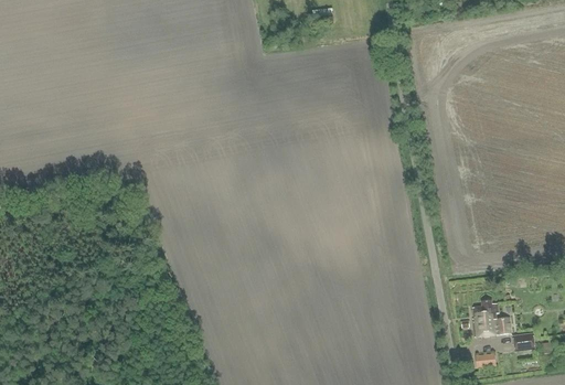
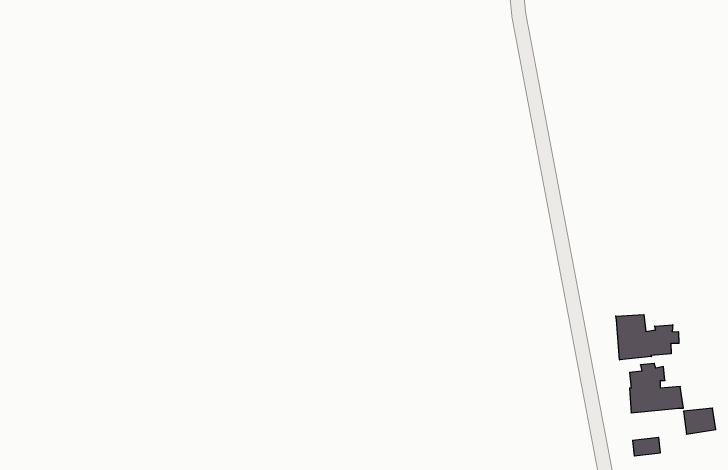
building: none -> [616,315,679,360]

